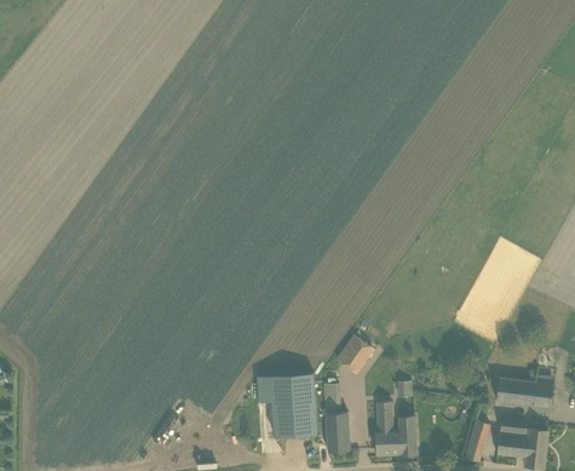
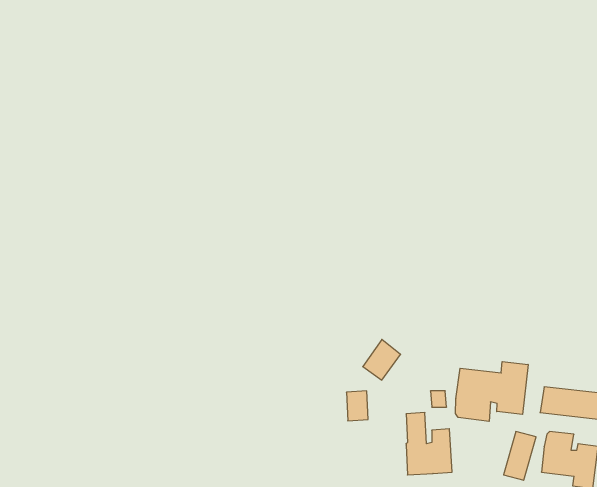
building: none -> [456,362,528,421]
building: [255,372,316,436] -> none
building: [326,412,349,452] -> none

